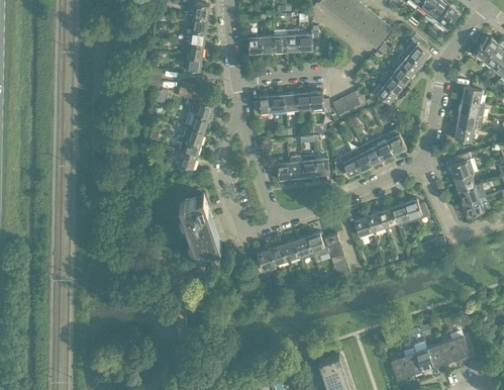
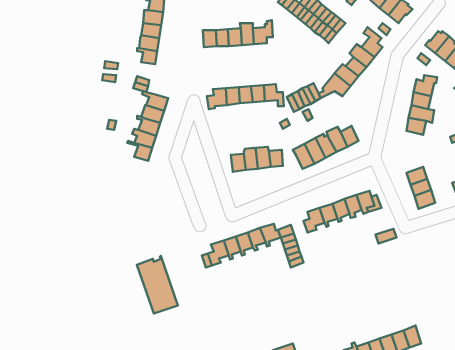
building: [448,154,471,182] -> none
building: [179,195,220,254] -> [137,256,178,314]

